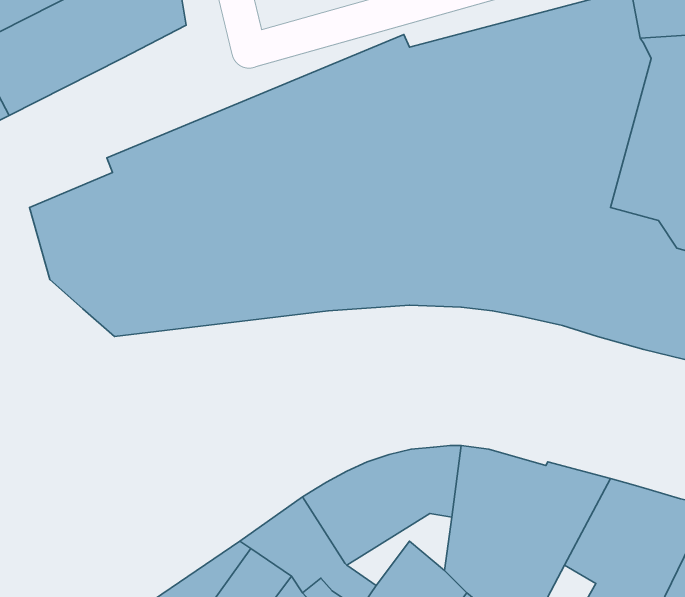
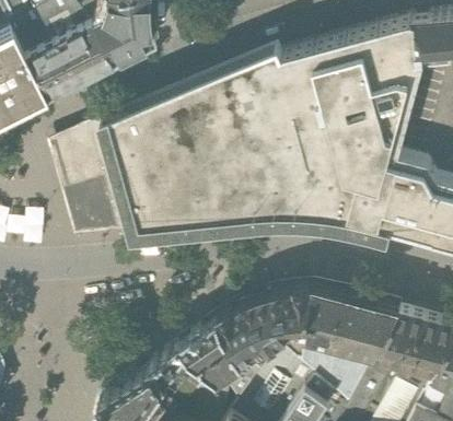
building: none -> [50,124,398,242]
building: none -> [249,335,312,377]

